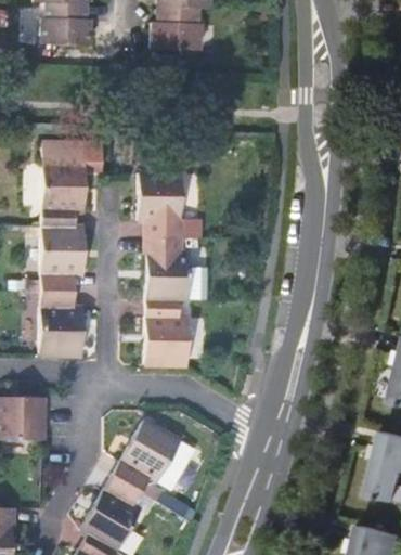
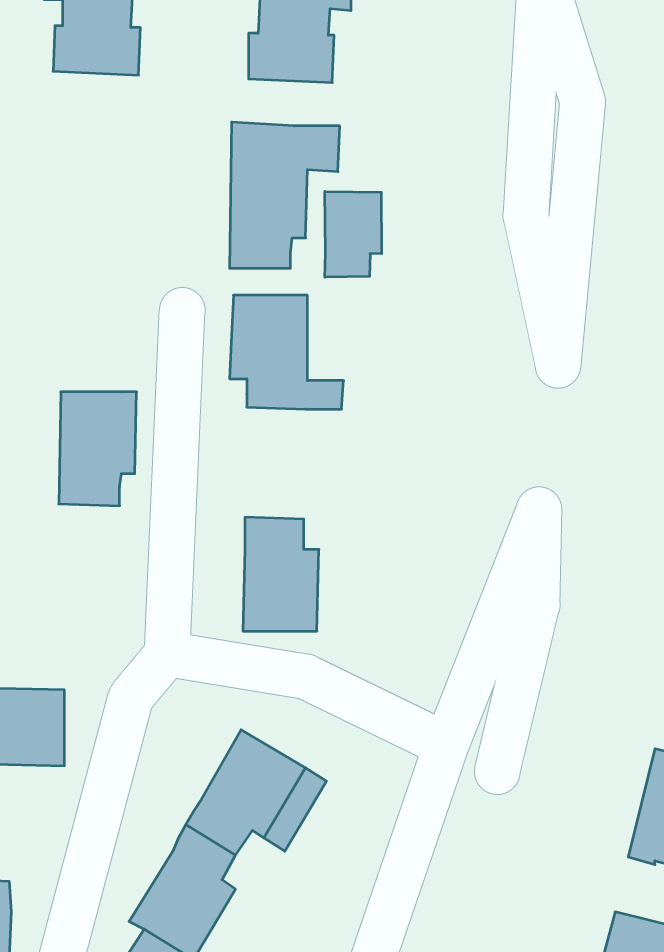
building: none -> [325,191,382,277]
building: [40,145,103,229] -> [230,122,340,268]
building: [145,237,207,301] -> none
building: [38,293,82,357] -> none

